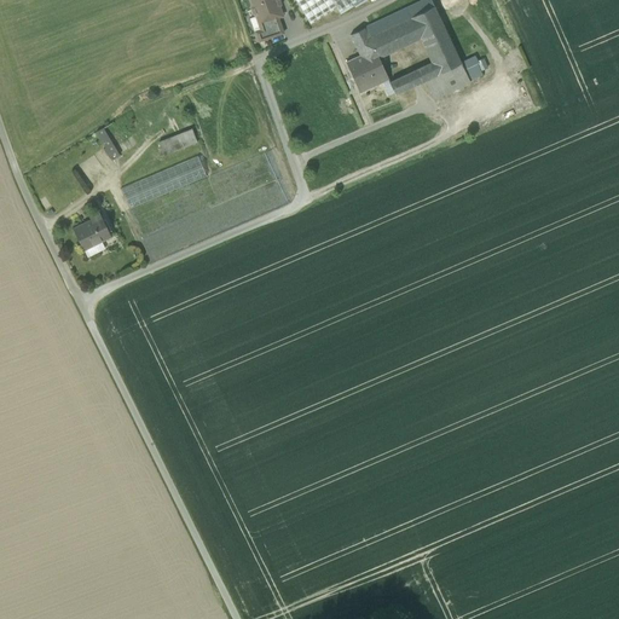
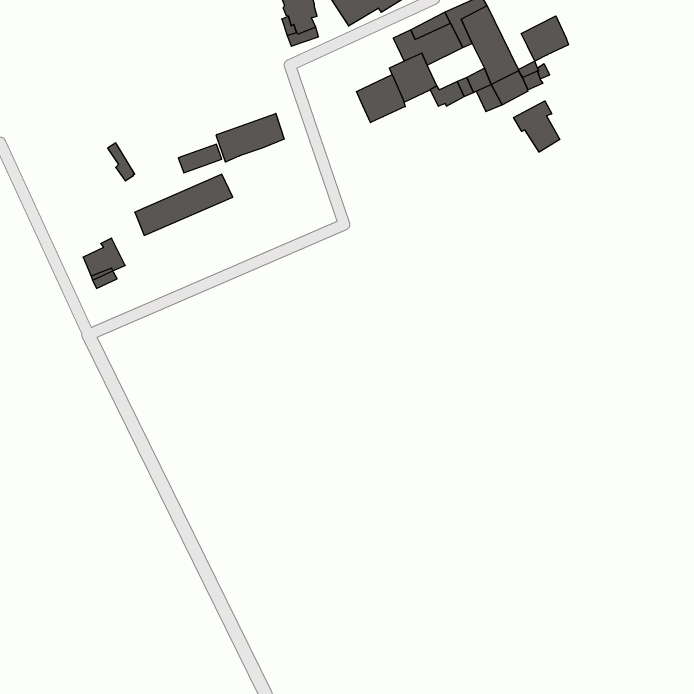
building: none -> [521,16,568,61]
building: none -> [356,75,405,123]
building: none -> [514,101,560,152]
building: none -> [216,113,284,162]

